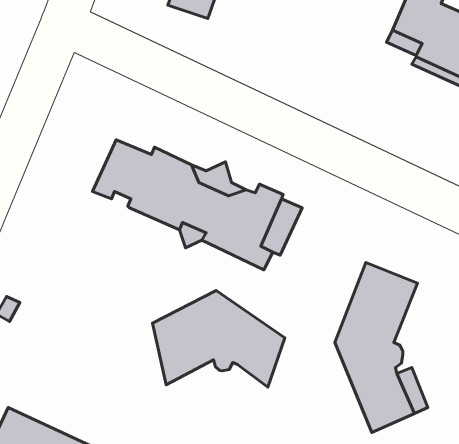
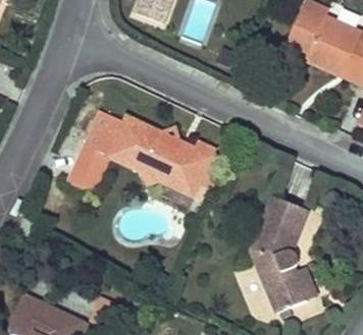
building: none -> [66,146,109,192]
building: [152,290,285,387] -> none

